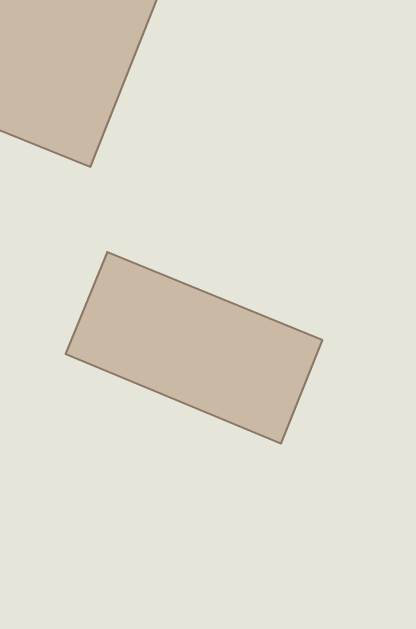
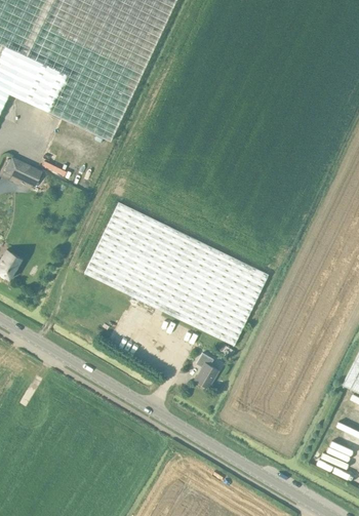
building: none -> [194,353,217,388]

